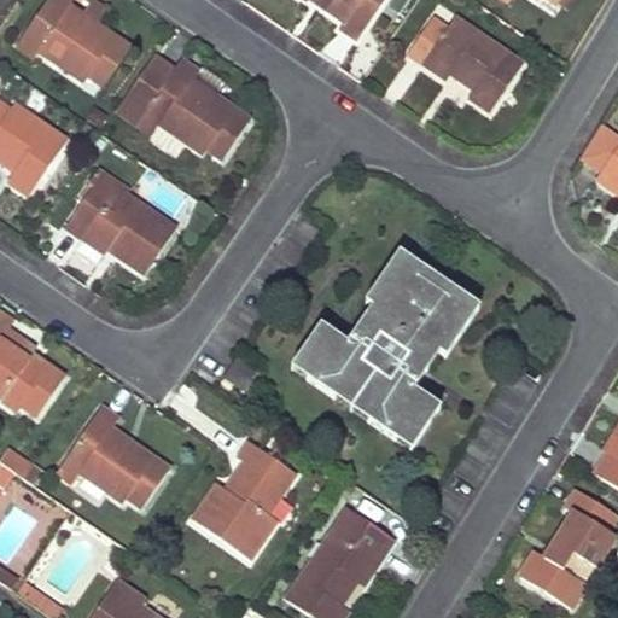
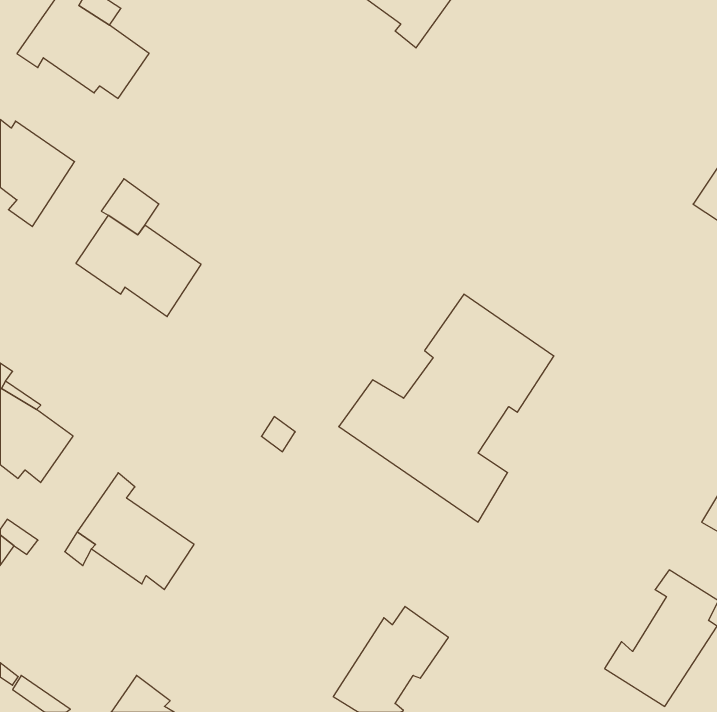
building: [409,12,523,107] -> none
building: [115,54,247,157] -> none
building: [192,442,295,555] -> none

